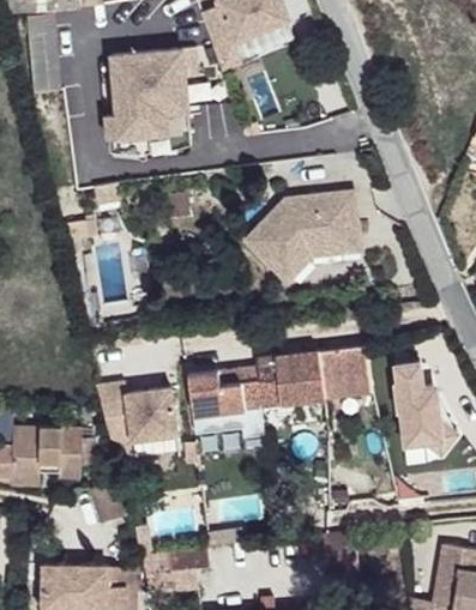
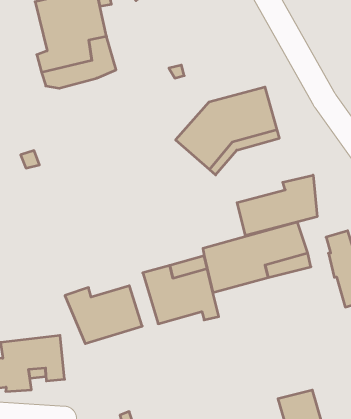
building: none -> [237,175,317,235]

